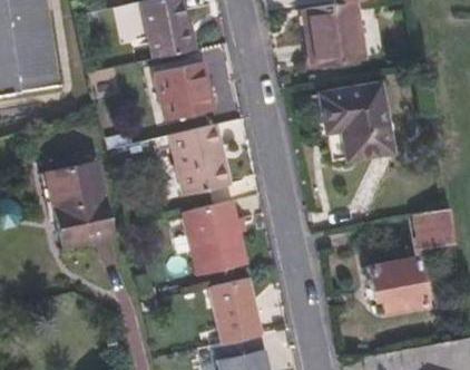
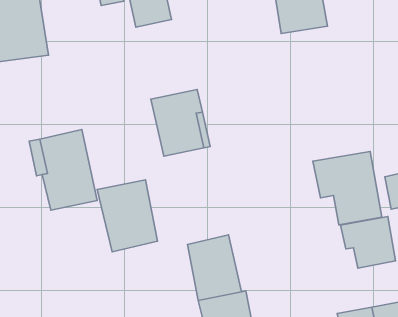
building: [158,61,221,123] -> none
building: [314,85,385,160] -> [313,152,382,225]
building: [183,199,245,274] -> [97,180,157,252]

